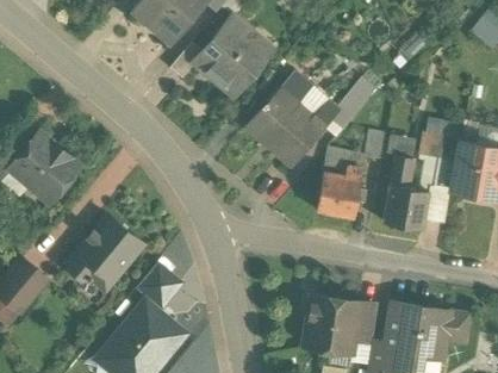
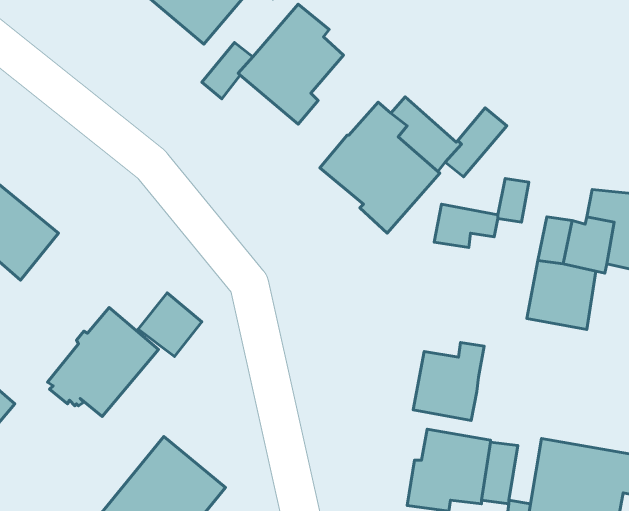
building: [316,167,362,218] -> [413,343,484,421]
building: [138,263,180,305] -> [138,293,202,356]

